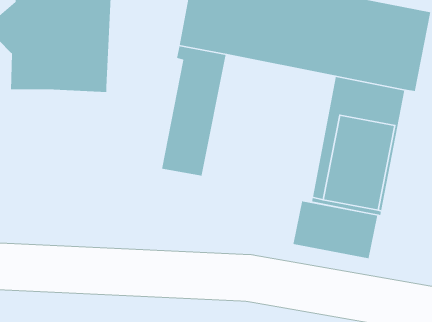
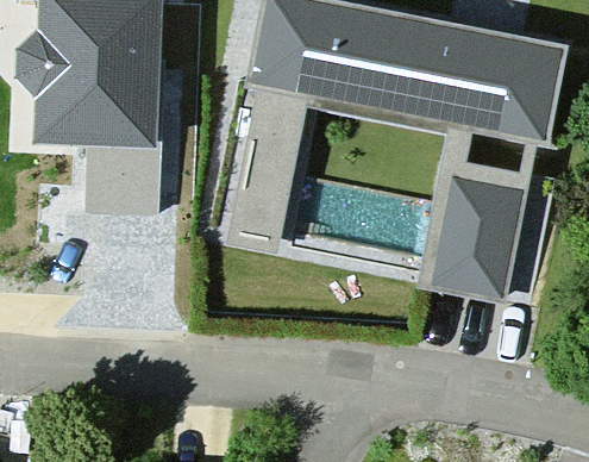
building: none -> [82,142,161,217]
building: [293,200,378,259] -> none

